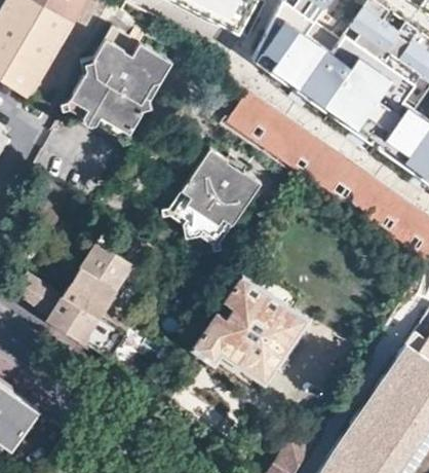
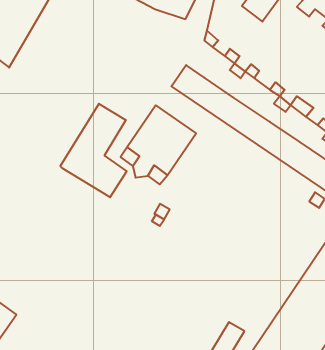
building: [65,26,170,140] -> none
building: [48,243,131,360] -> [60,104,127,197]
building: [193,276,307,384] -> none

